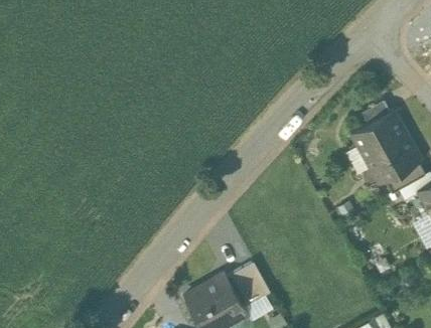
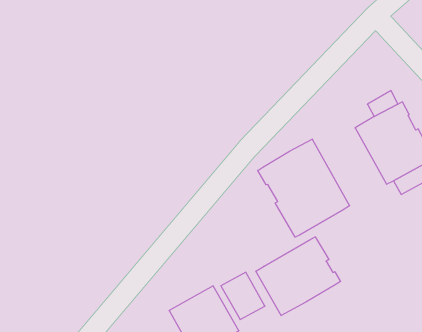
building: none -> [258,139,350,237]
building: none -> [256,237,341,316]

